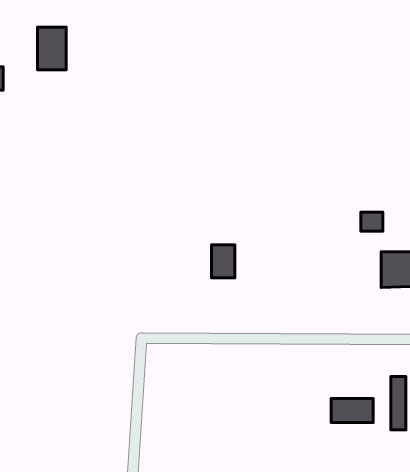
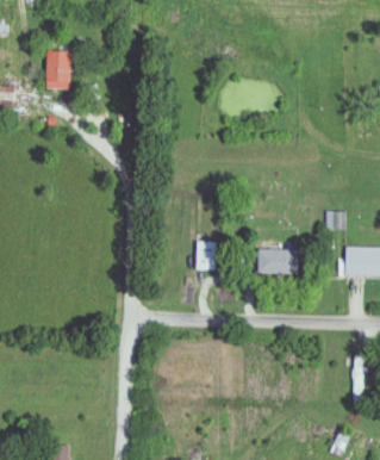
building: none -> [257,249,298,274]
building: [331,398,373,422] -> none

